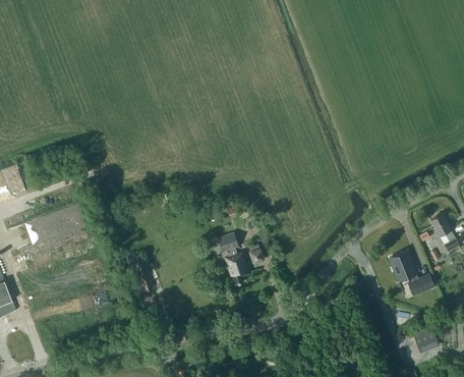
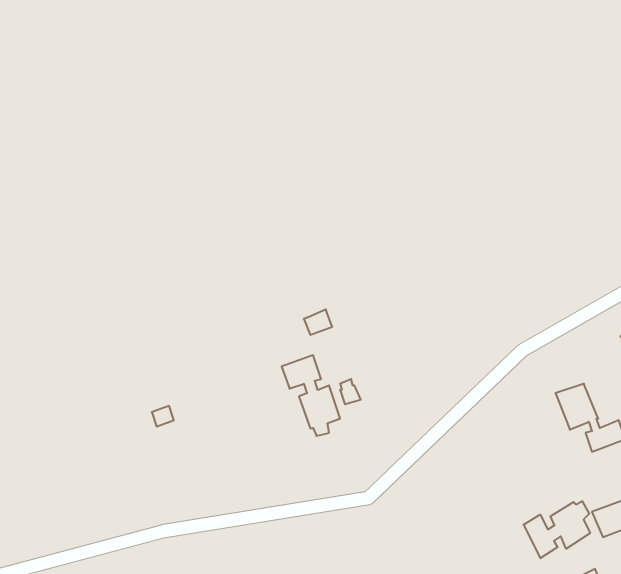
building: none -> [524,501,590,558]

